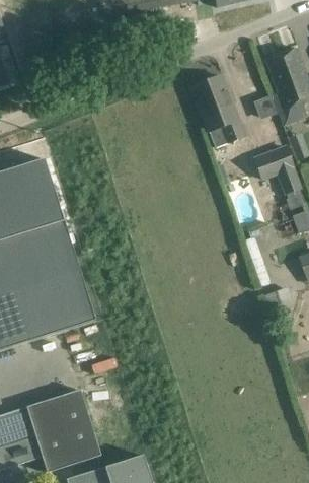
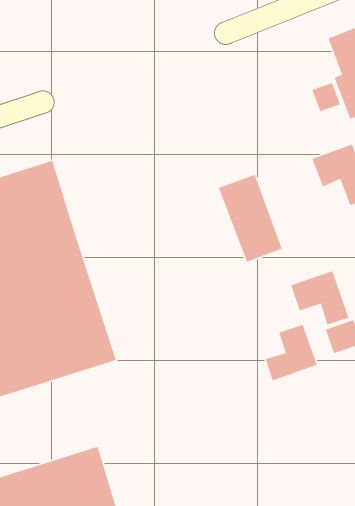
building: [191,75,244,147] -> [218,174,283,263]
building: none -> [290,270,350,326]
building: none -> [265,324,318,381]

